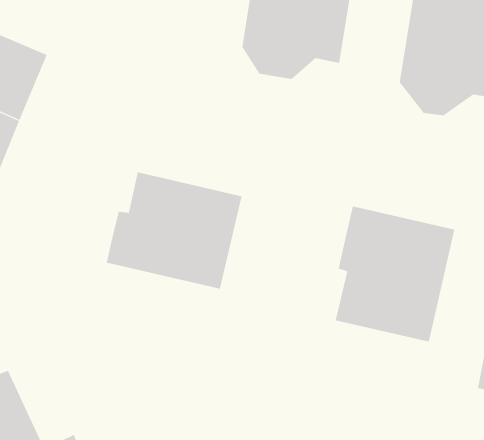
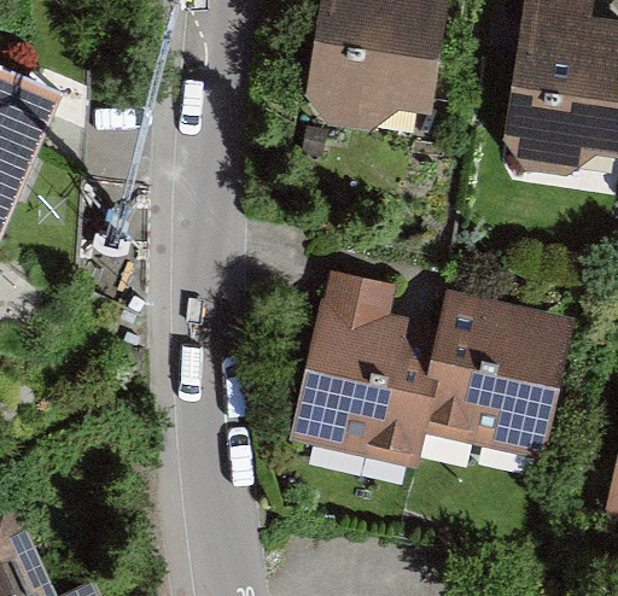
building: [106,172,242,289] -> none
building: none -> [288,270,438,467]

